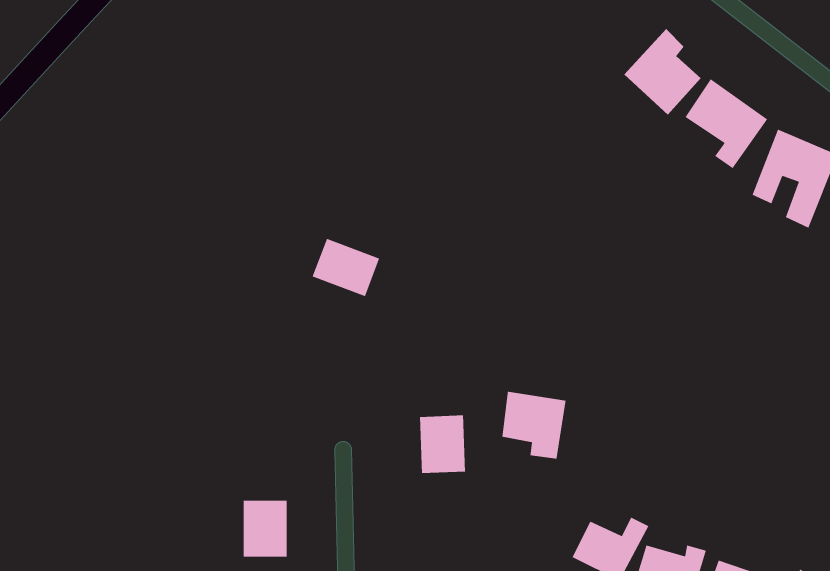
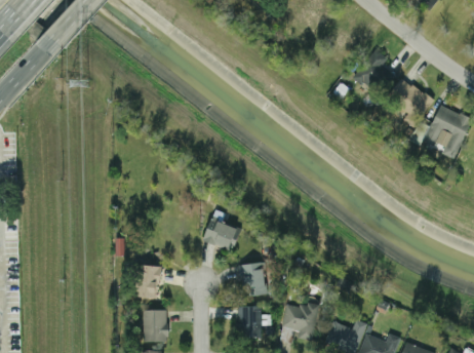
building: [312,238,380,297] -> [202,219,240,251]
building: [502,391,567,460] -> [282,302,318,340]
building: none -> [135,265,160,298]
building: none -> [237,306,262,338]

